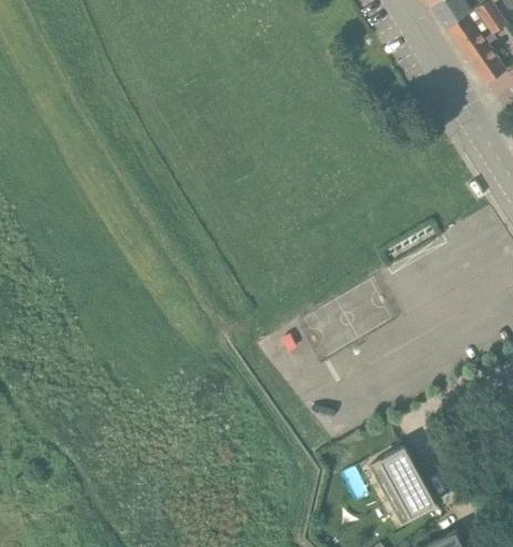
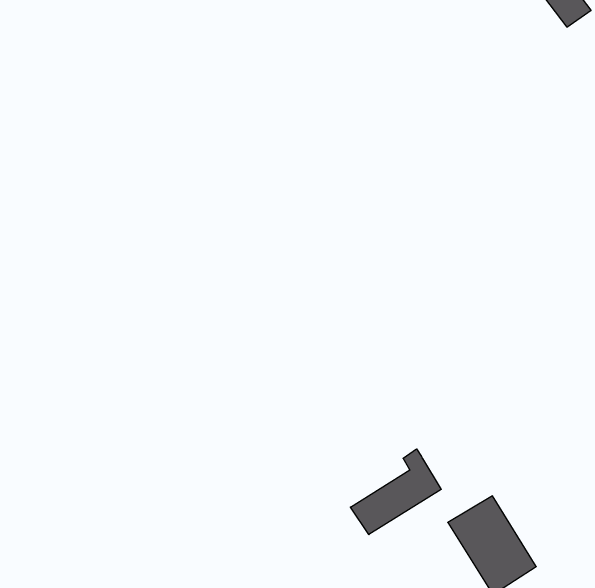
building: none -> [350,449,441,535]

